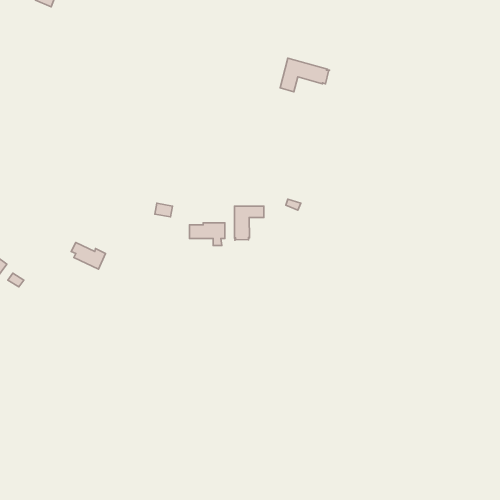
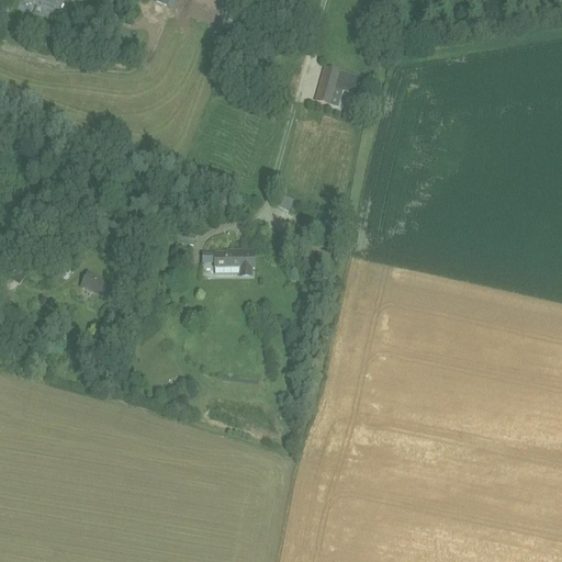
building: [234,206,264,240] -> none

